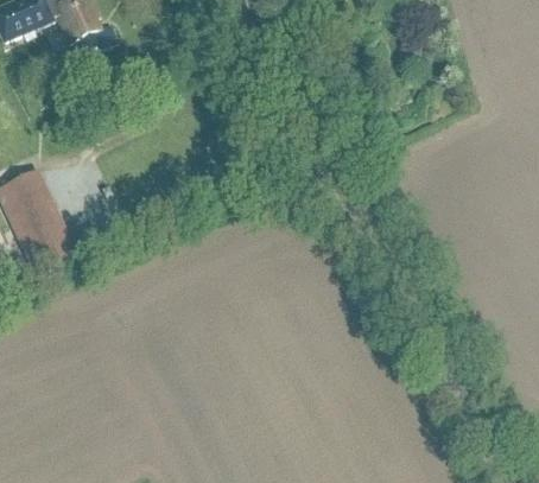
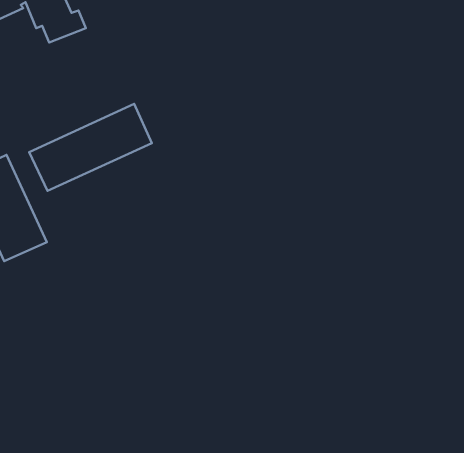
building: none -> [29,104,152,191]

